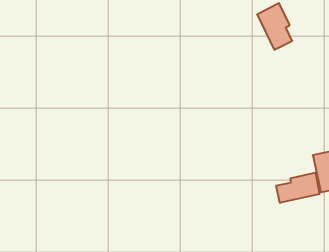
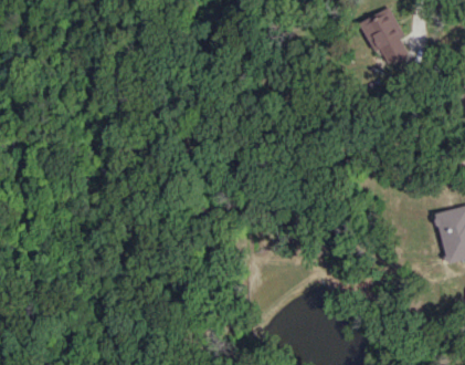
building: [276,173,320,203] -> none

